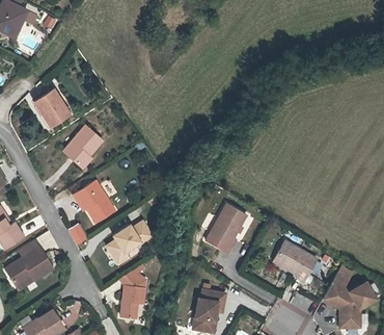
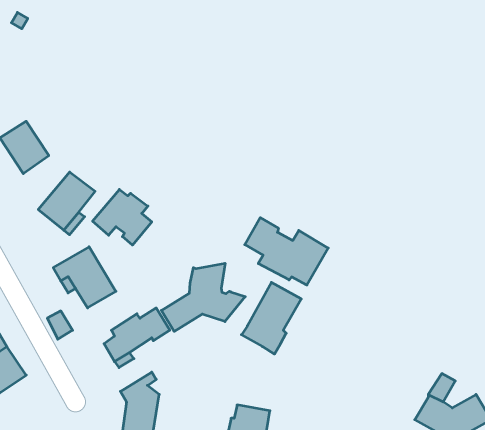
building: none -> [93,189,152,245]
building: none -> [245,218,328,285]
building: none -> [161,263,245,331]
building: [272,240,317,282] -> none

